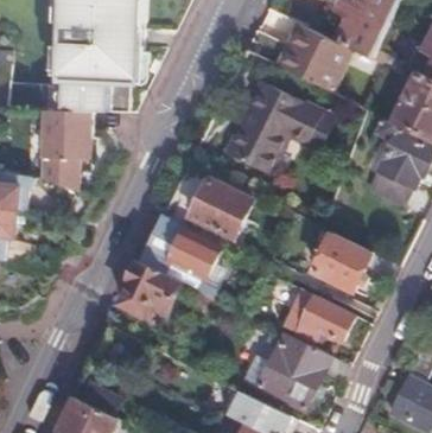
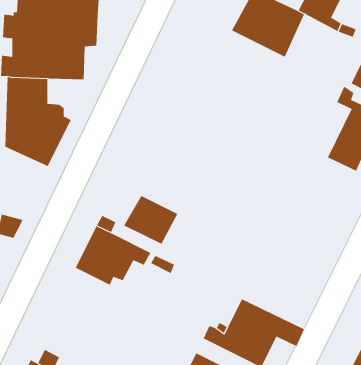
building: [222,69,331,177] -> none
building: [189,179,252,237] -> none
building: [312,225,370,288] -> none
building: [282,291,352,344] -> none

